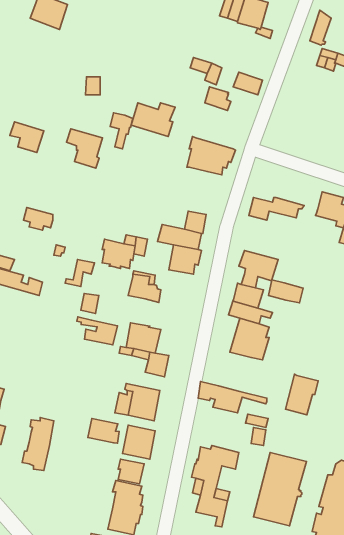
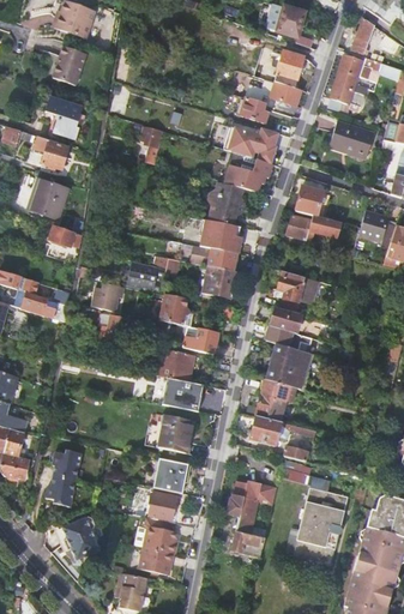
building: none -> [52,44,86,84]
building: none -> [275,53,304,89]
building: none -> [328,55,362,110]
building: [131,103,175,137] -> [231,128,278,164]
building: none -> [330,120,374,159]
building: [66,129,103,168] -> [44,96,83,138]
building: none -> [30,179,68,218]
building: none -> [215,183,246,225]
building: none -> [295,186,322,216]
building: [269,280,303,303] -> none
building: [77,317,117,345] -> [176,324,219,354]
building: [285,374,318,415] -> [255,379,290,422]
building: [88,418,119,443] -> none
building: none -> [61,517,98,560]

